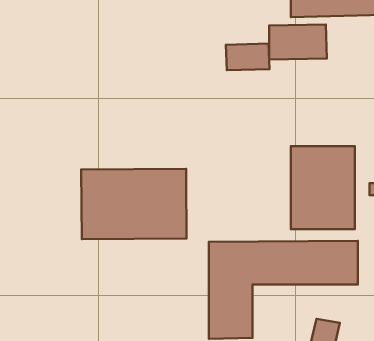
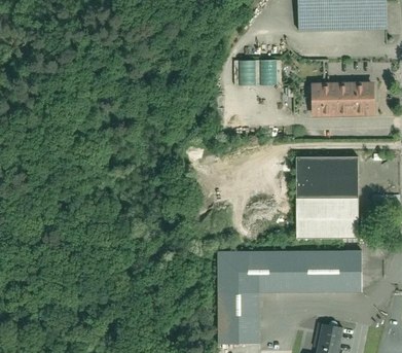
building: [269,24,327,60] -> [315,82,370,116]
building: [81,169,187,239] -> none

